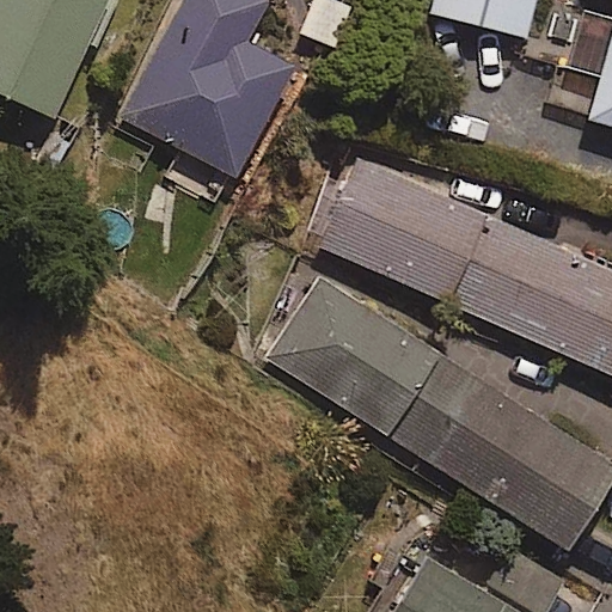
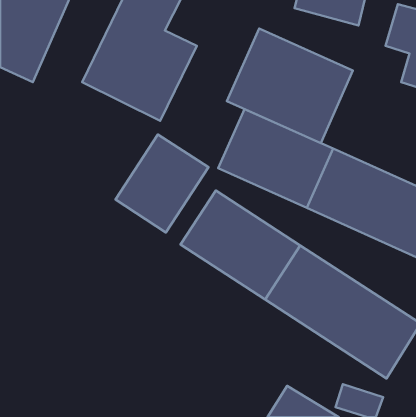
building: none -> [227,29,353,143]
building: none -> [115,134,208,232]

